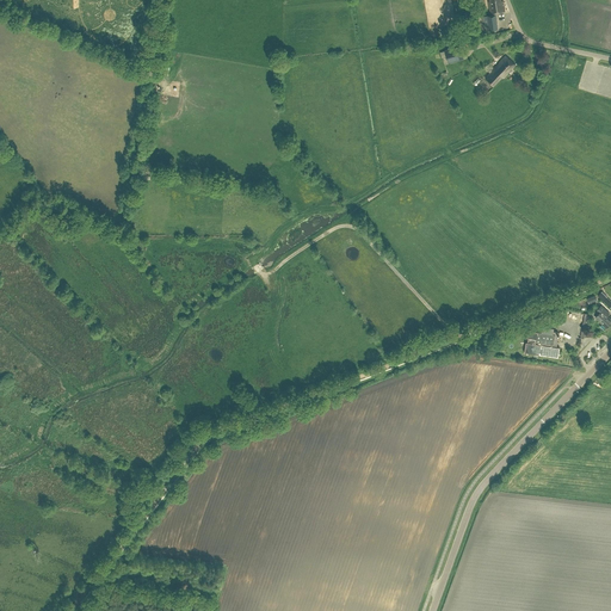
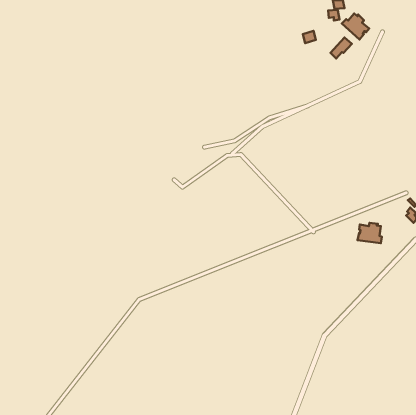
building: none -> [342,13,369,40]

